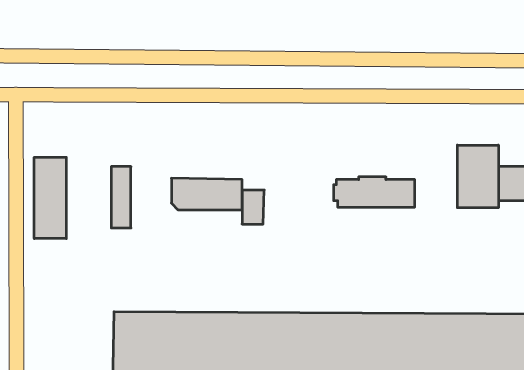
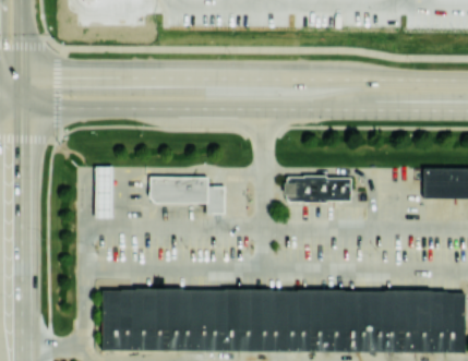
building: [457,145,498,208] -> none
building: [34,157,66,239] -> none

